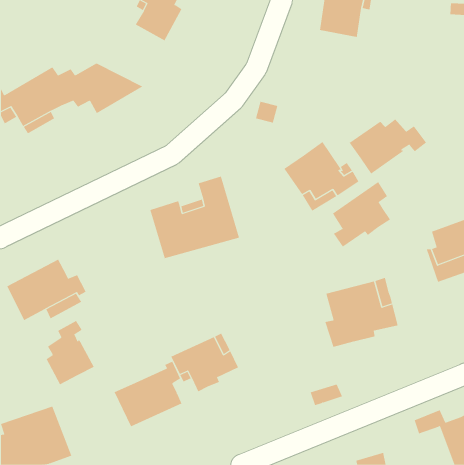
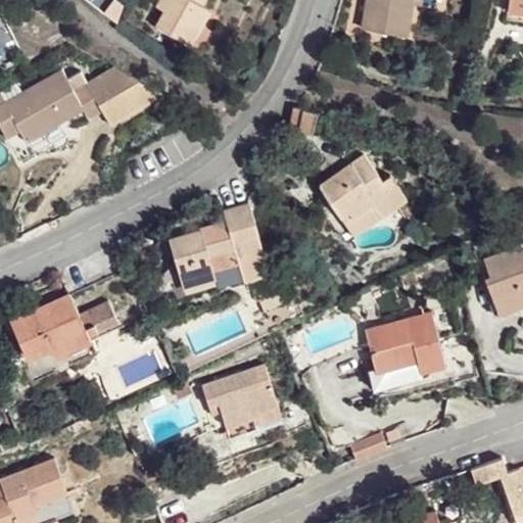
building: [349,119,427,175] -> none
building: [332,181,391,248] -> none
building: [46,320,94,385] -> none
building: [114,361,182,427] -> none

